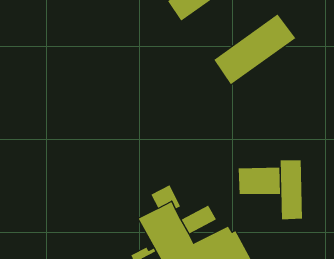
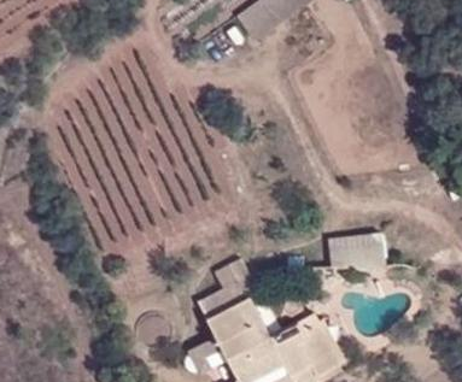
building: [213,14,296,85] -> none
building: [280,159,303,220] -> none

